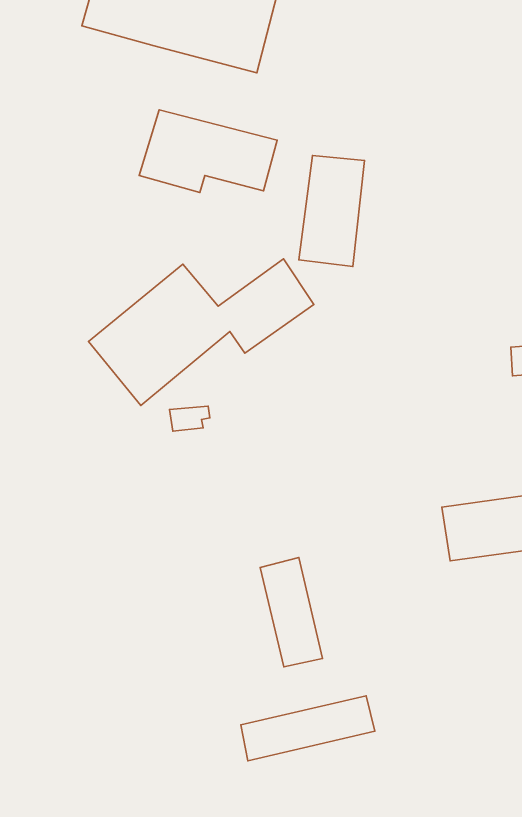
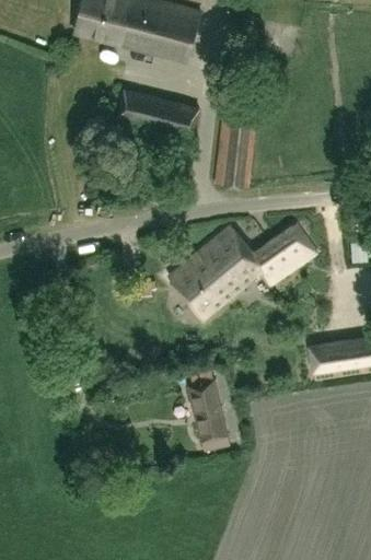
building: [89,259,314,405] -> [169,222,315,317]
building: [241,696,375,761] -> none

